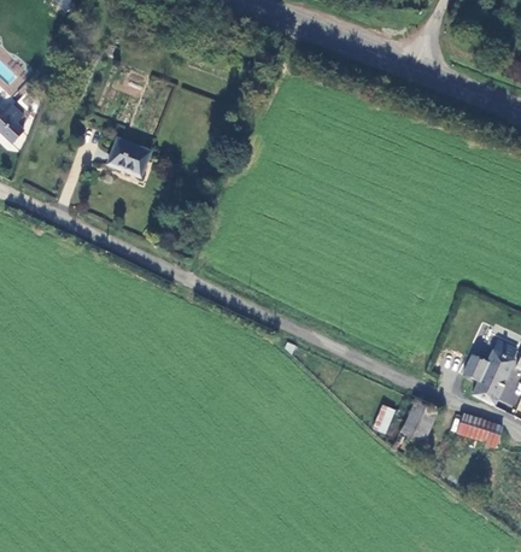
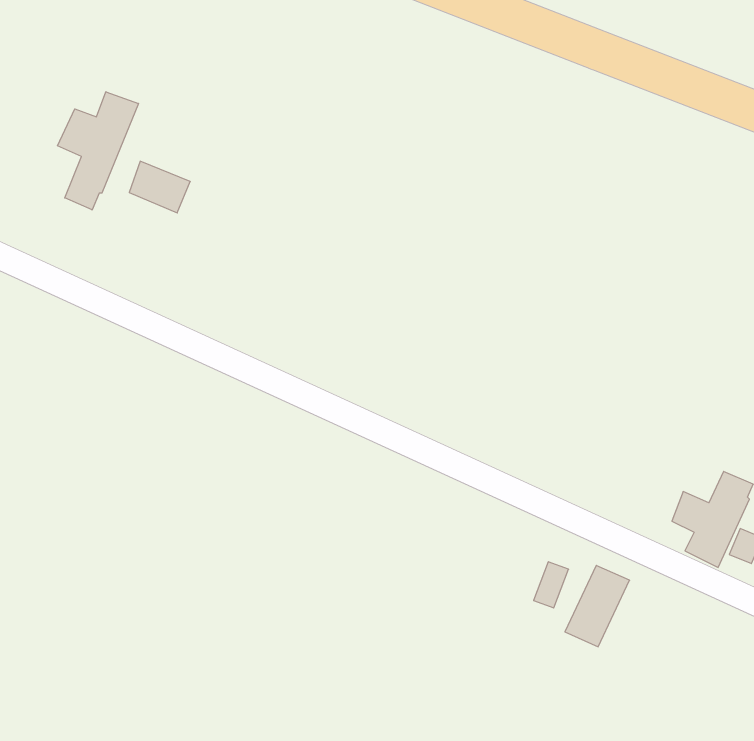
building: none -> [58,92,138,210]
building: [458,412,502,445] -> none

